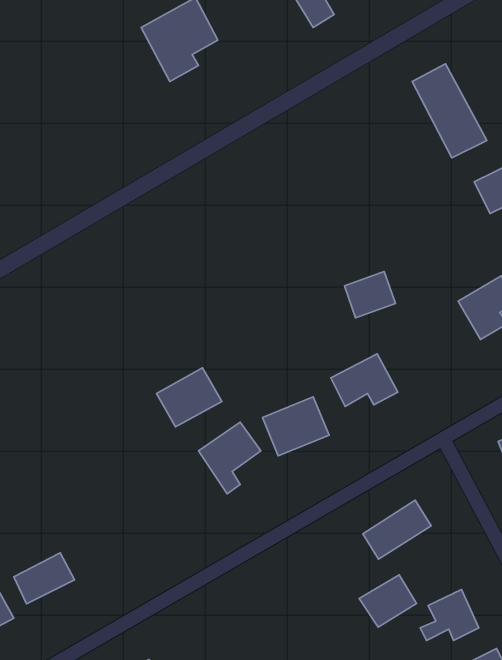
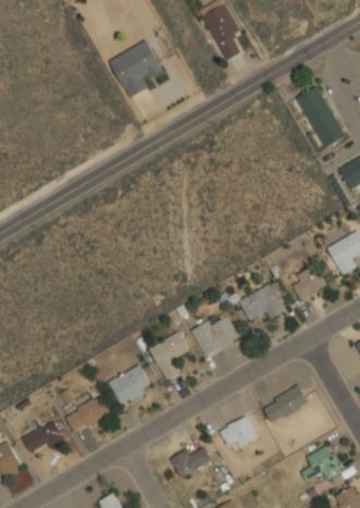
building: [344,272,395,318] -> [290,267,325,298]
building: [156,368,222,427] -> [108,365,153,405]
building: none -> [64,397,110,432]
building: [359,575,417,627] -> [217,415,256,451]
building: none -> [169,442,212,479]

